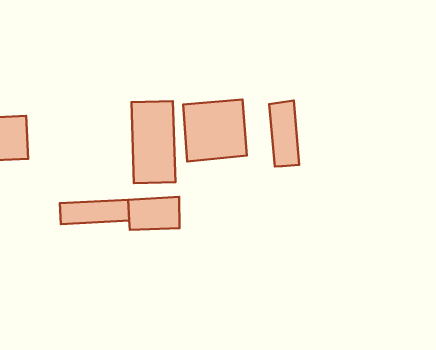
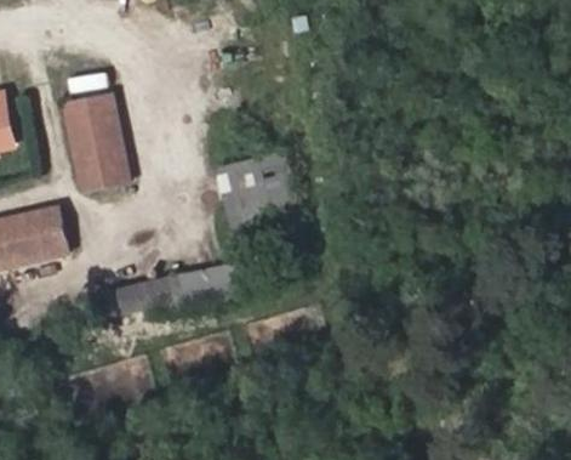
building: [269,101,299,167] -> none
building: [131,101,175,183] -> [67,96,127,189]

